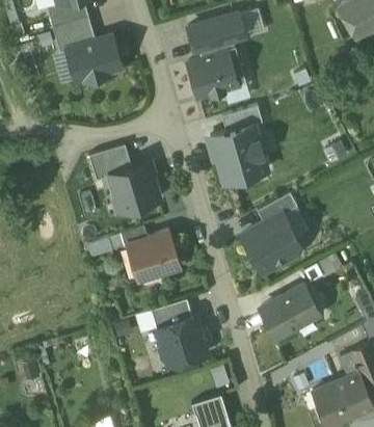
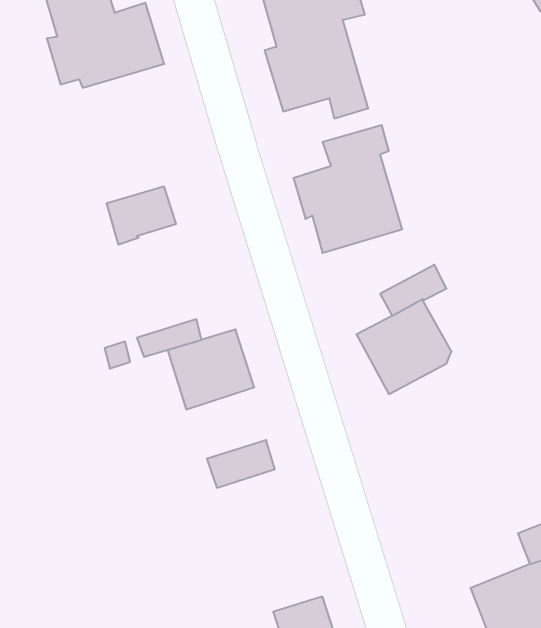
building: [108,163,159,212] -> none
building: [261,286,318,345] -> none
building: [157,317,208,367] -> none

